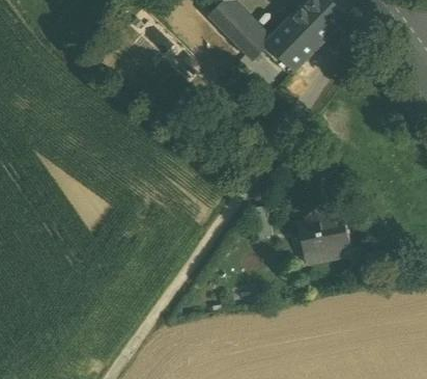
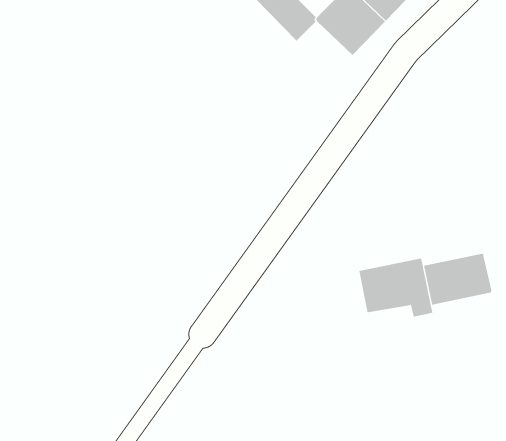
building: none -> [423,253,492,305]

